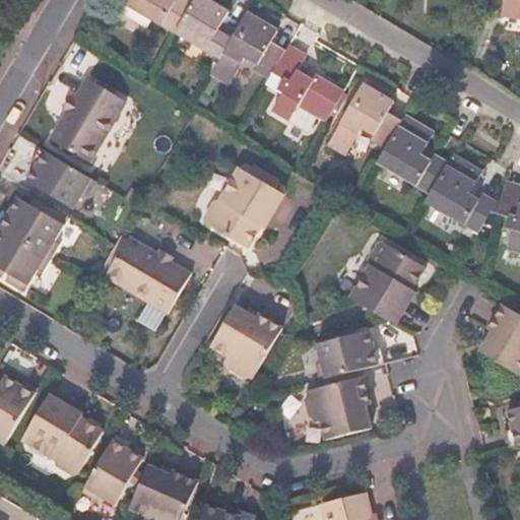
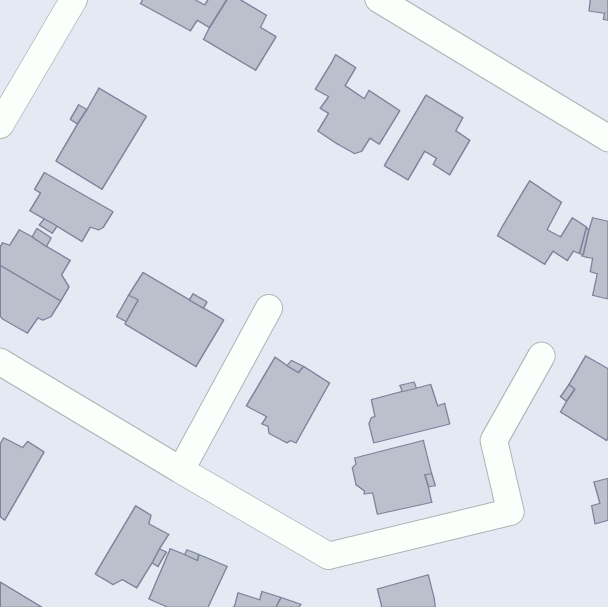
building: [208,14,283,87] -> none
building: [377,116,446,192] -> none
building: [203,165,285,245] -> none
building: [347,241,424,324] -> none
building: [21,393,104,474] -> none

